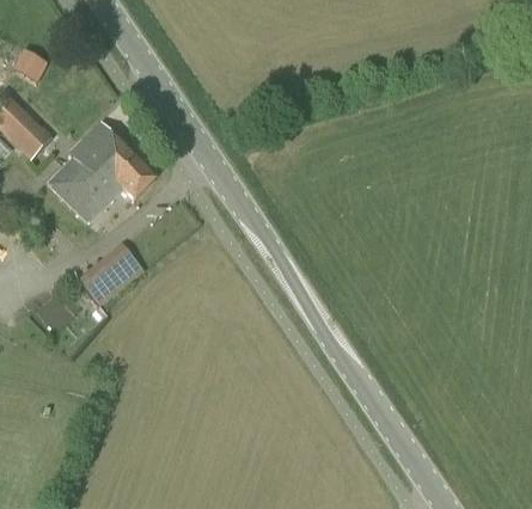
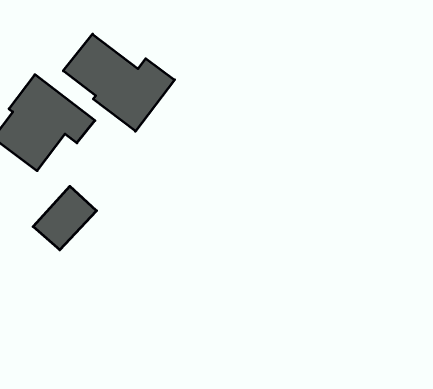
building: none -> [63,34,175,131]

